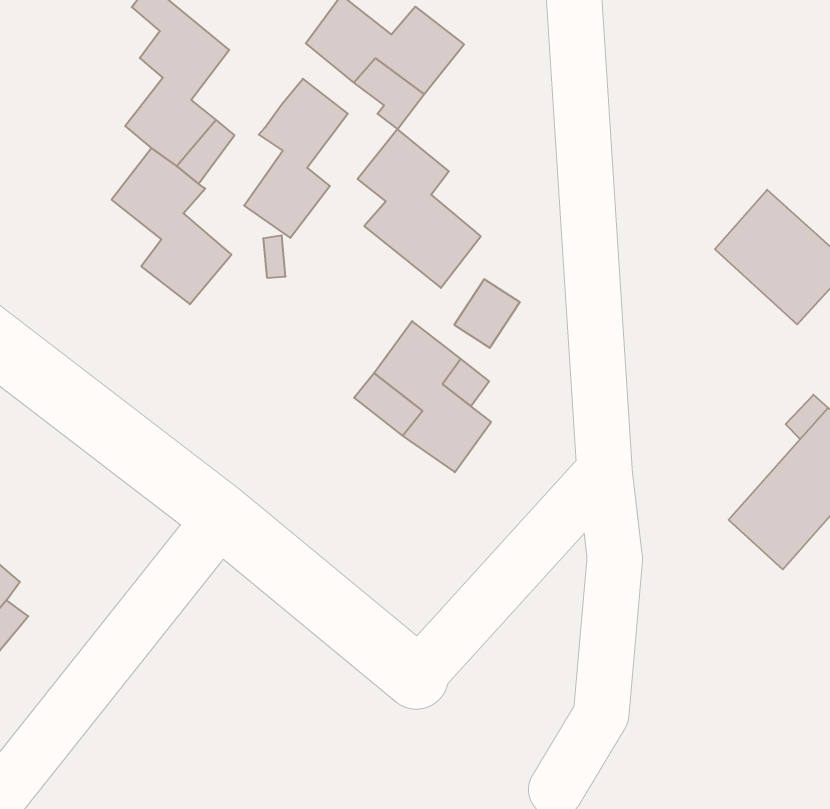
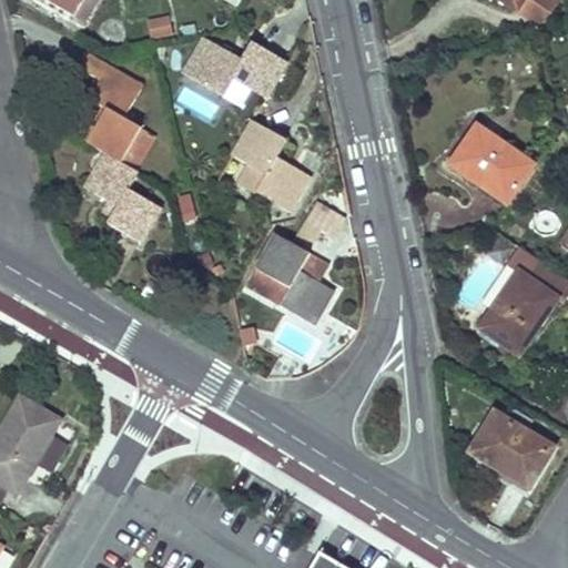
building: [244,79,348,238] -> none
building: none -> [467,404,549,486]

